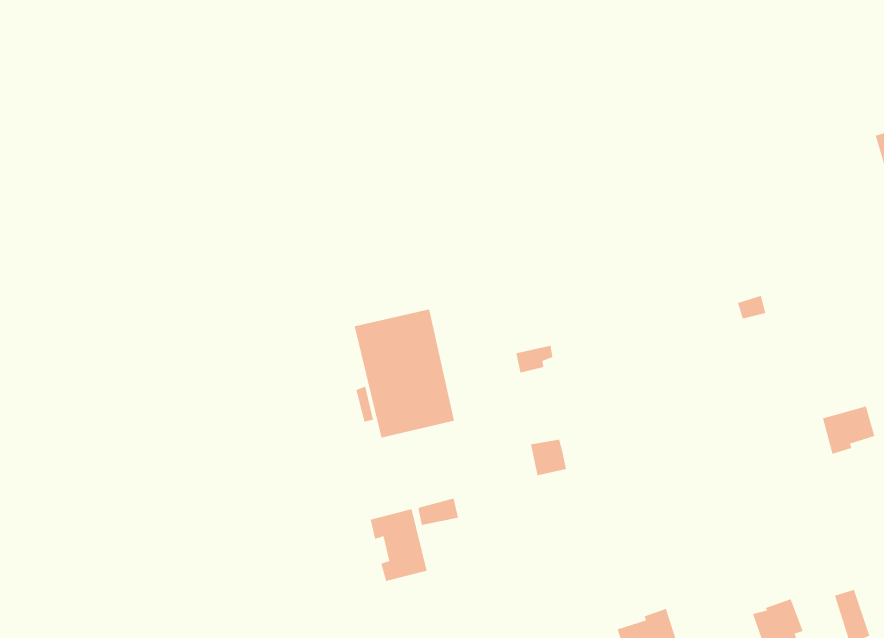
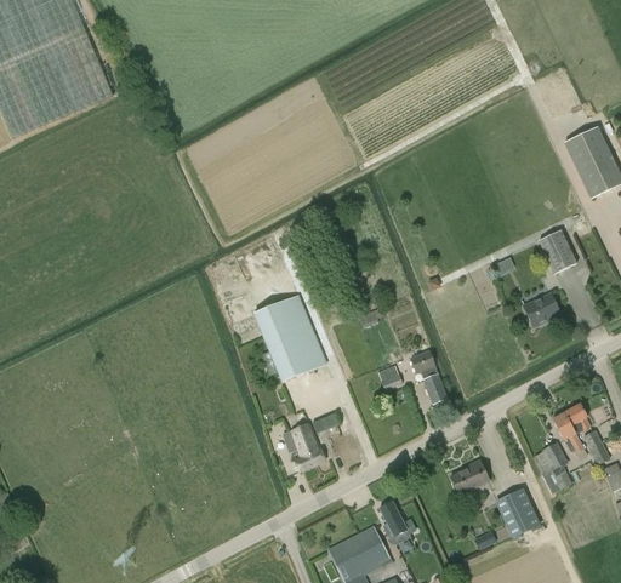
building: none -> [539,229,576,272]
building: [822,406,875,454] -> [524,292,559,326]
building: none -> [411,350,448,402]
building: none -> [553,402,591,451]

